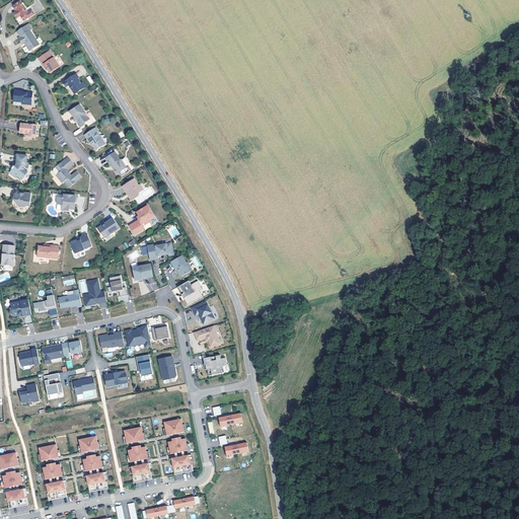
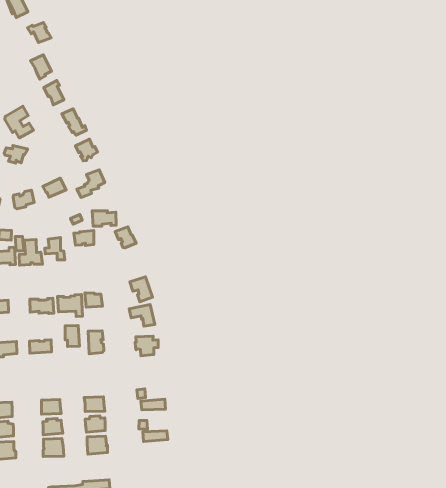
building: [176,281,203,305] -> none

